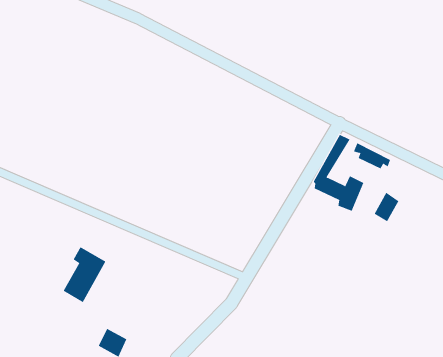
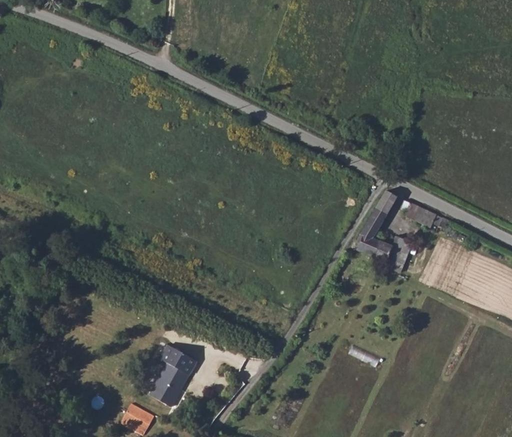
building: [374,192,399,222] -> none
building: [63,247,106,303] -> [148,344,195,405]

